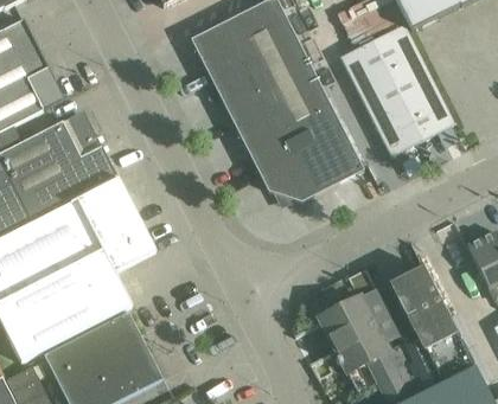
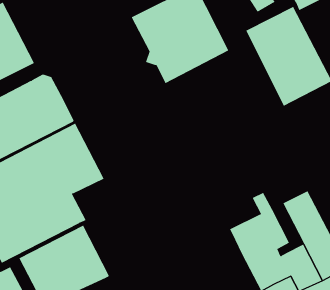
building: [235,82,363,205] -> none

